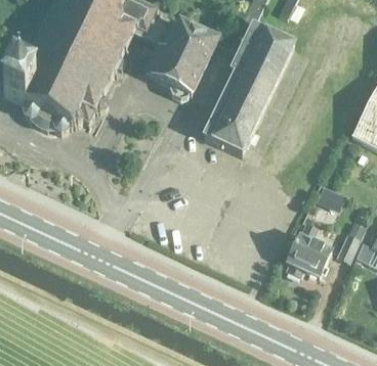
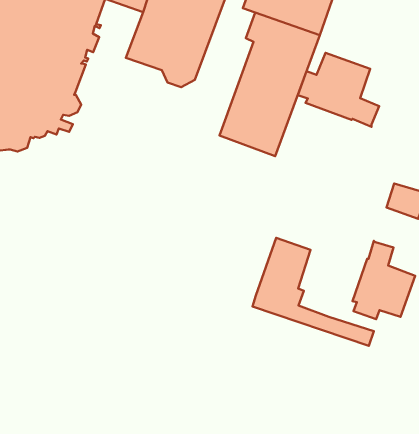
building: none -> [298,53,379,127]
building: none -> [252,238,374,346]

